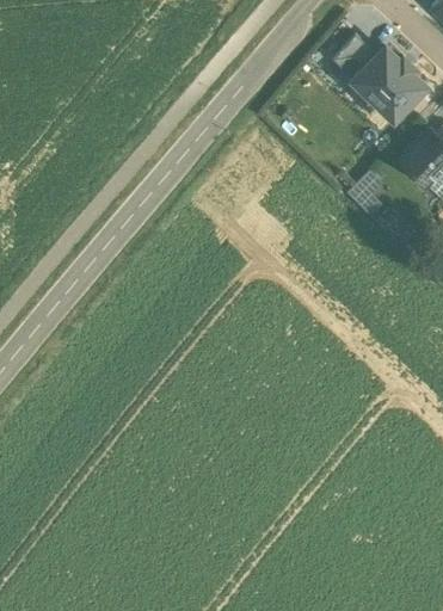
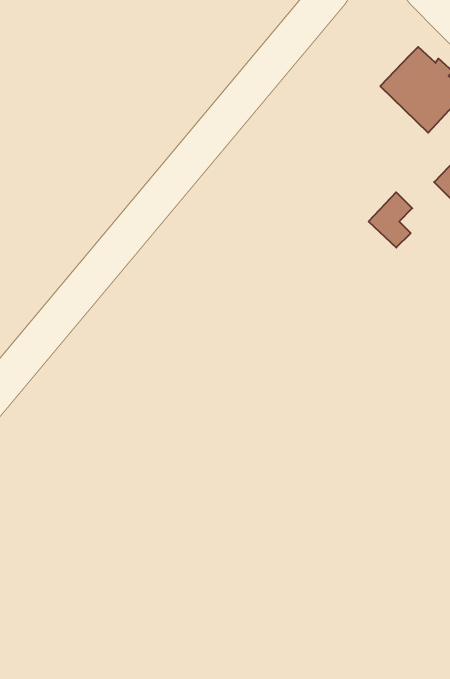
building: [334,35,381,81] -> none

